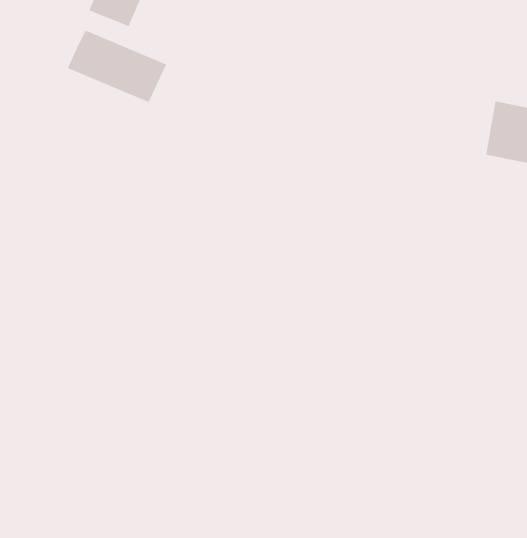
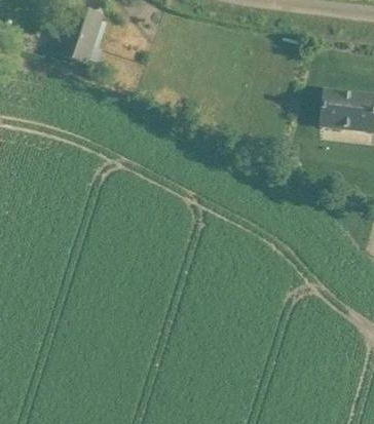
building: [67,30,167,103] -> none

